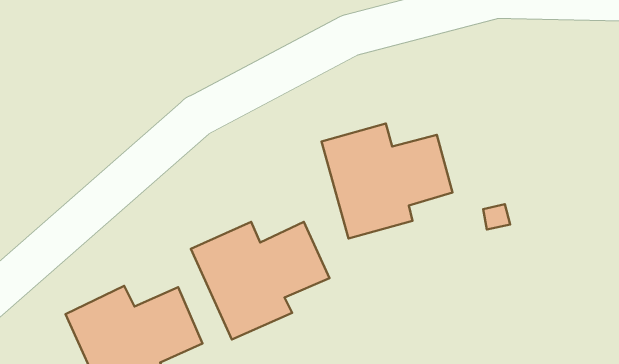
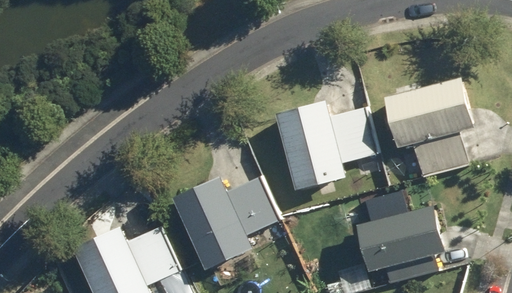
building: none -> [382,77,472,178]
building: none -> [356,205,443,284]

